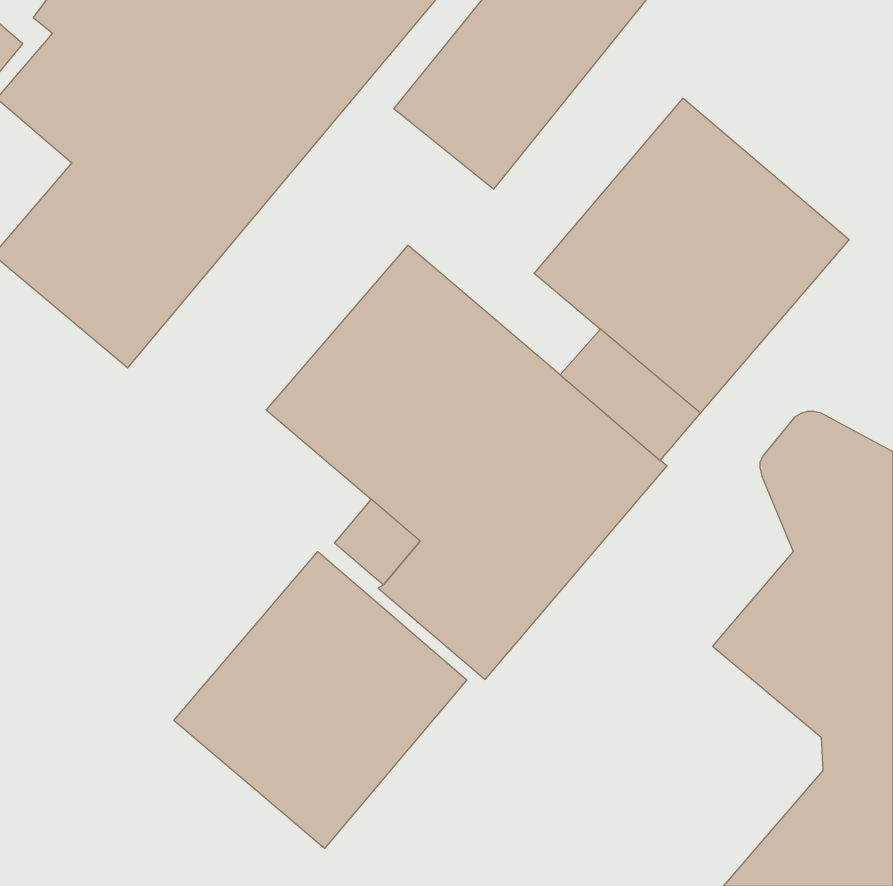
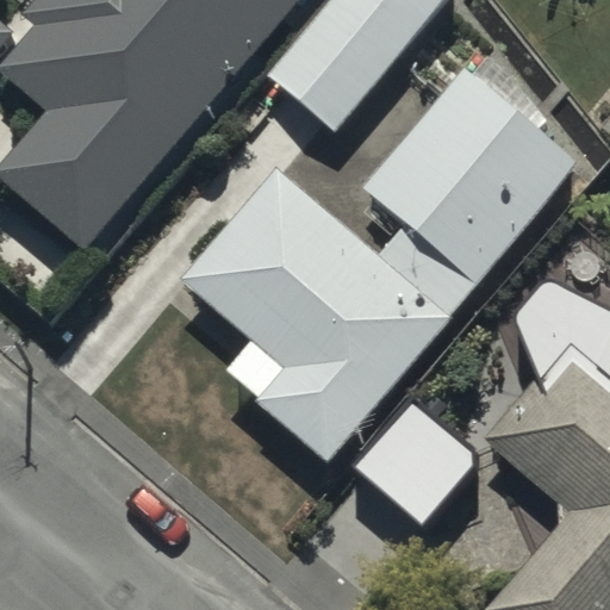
building: [174,552,467,848] -> none
building: none -> [355,398,475,525]

